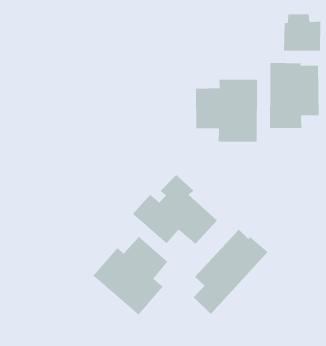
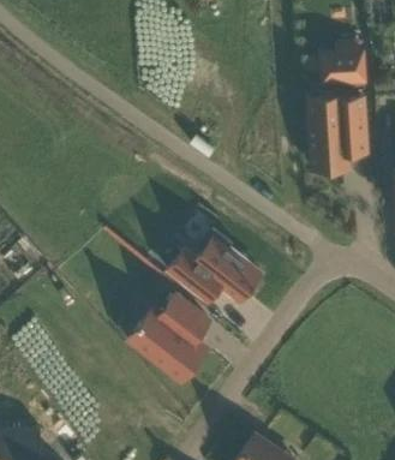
building: [196,79,258,142] -> none
building: [193,229,269,315] -> none

